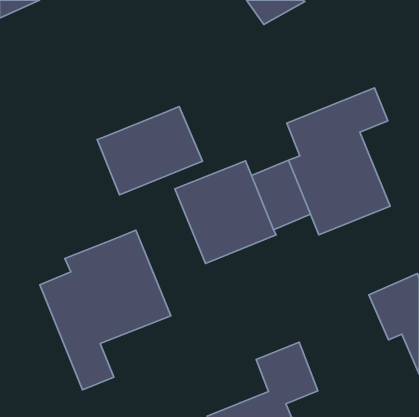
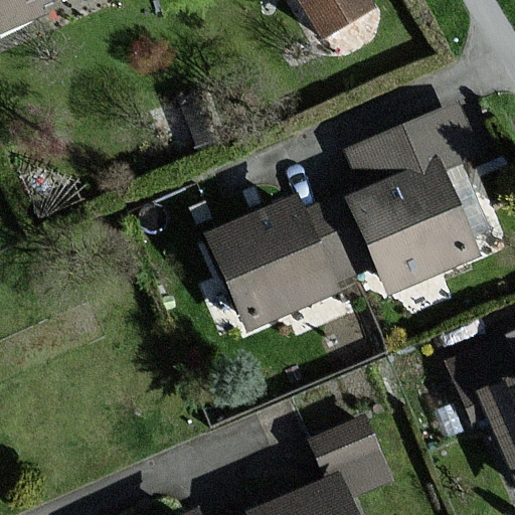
building: [97,106,202,195] -> none
building: [40,230,171,390] -> none

